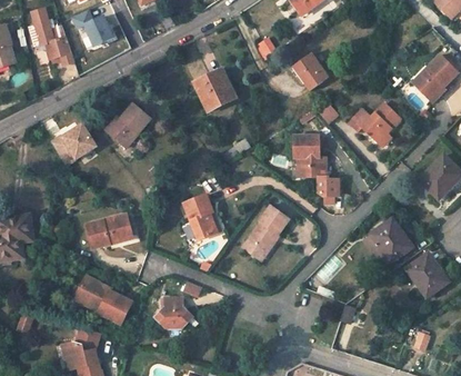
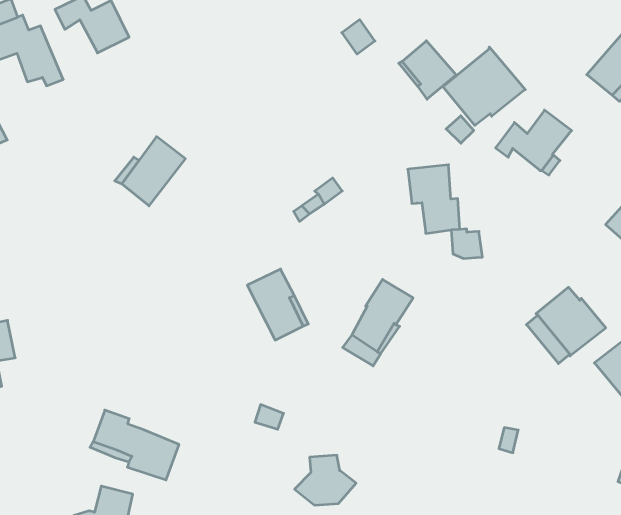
building: none -> [443,47,525,125]
building: [196,69,234,110] -> none
building: [50,122,94,164] -> none
building: [88,214,133,248] -> none
building: [154,298,194,329] -> [295,455,356,505]

